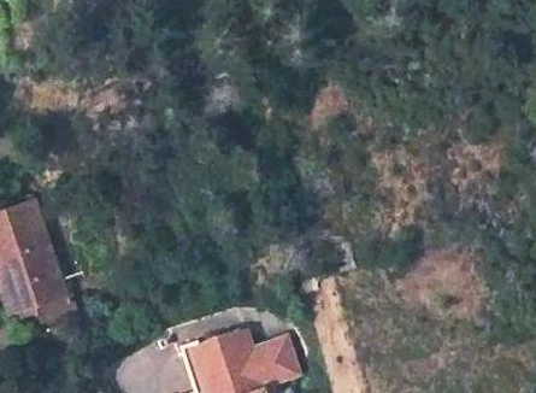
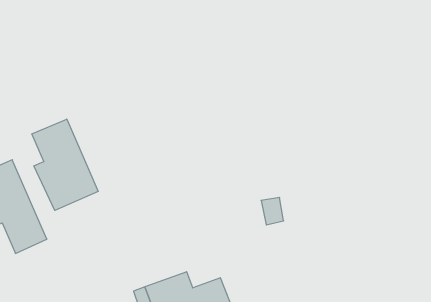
building: none -> [32,119,98,210]

